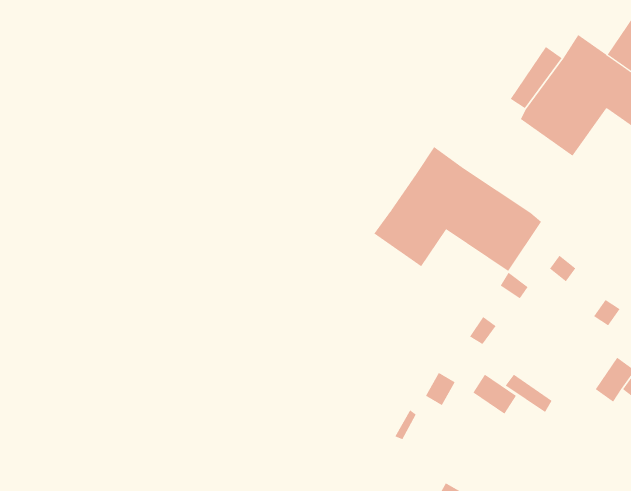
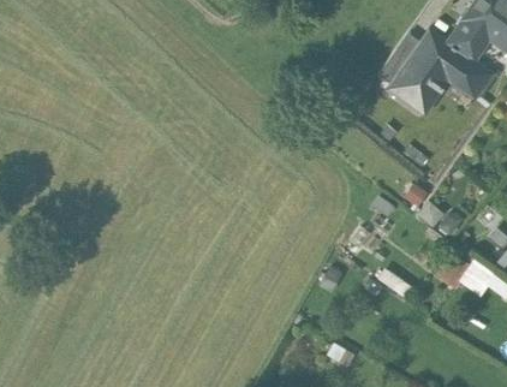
building: [374,146,542,272] -> none

